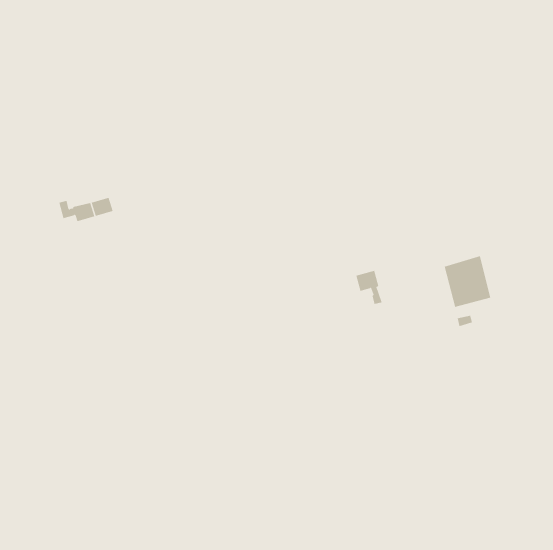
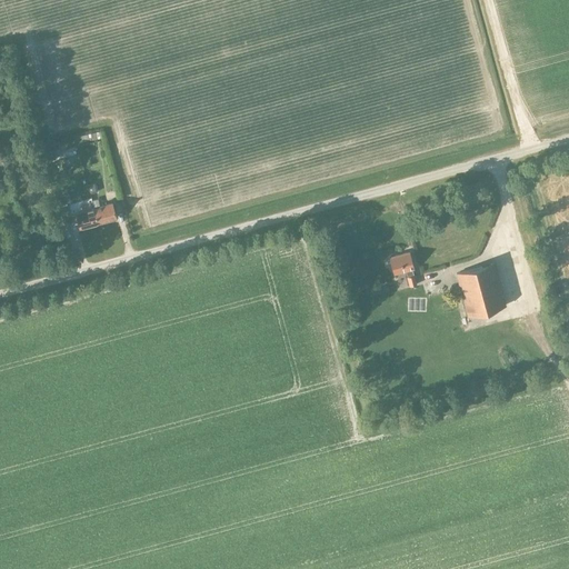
building: [355,270,382,305] -> [389,254,417,290]

